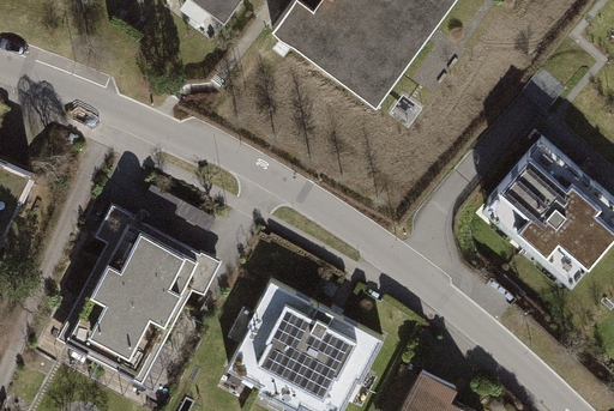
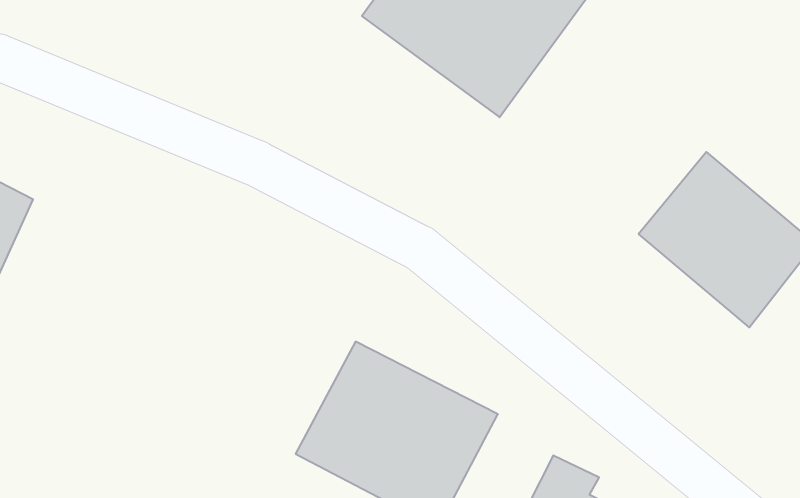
building: [59,205,223,385] -> none

